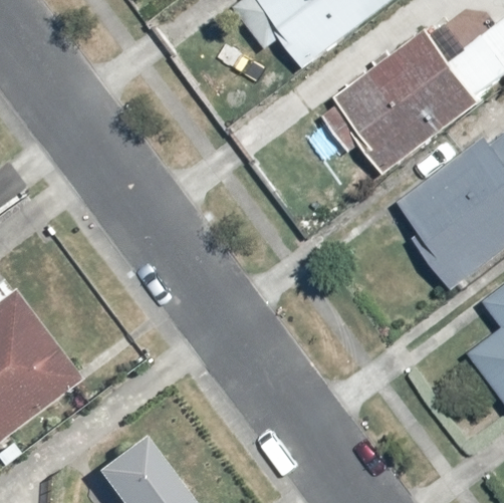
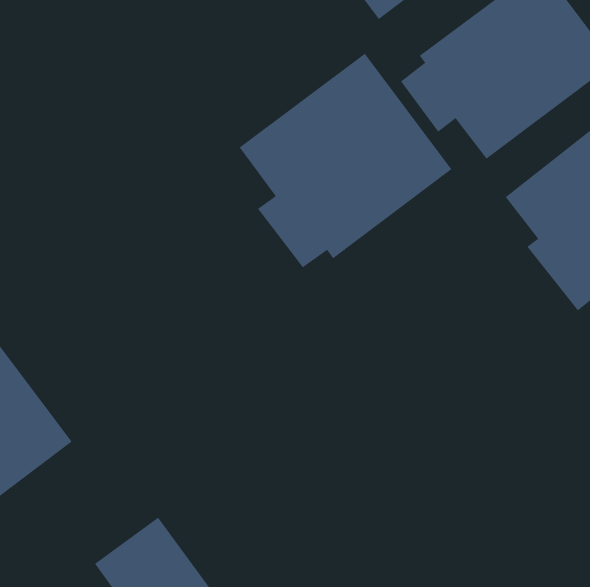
building: none -> [239,53,452,268]

